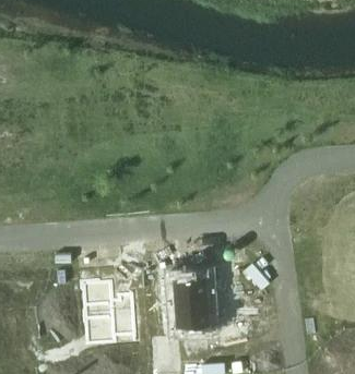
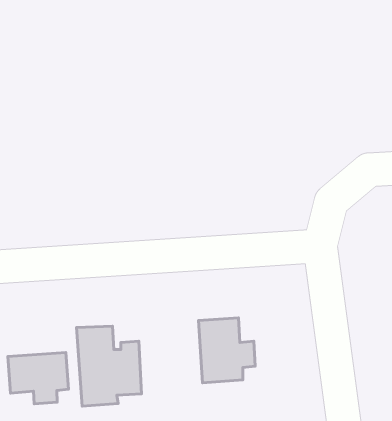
building: none -> [8,352,68,404]

